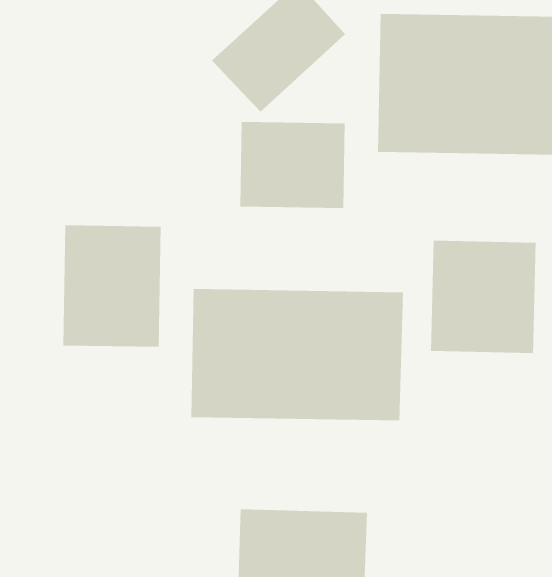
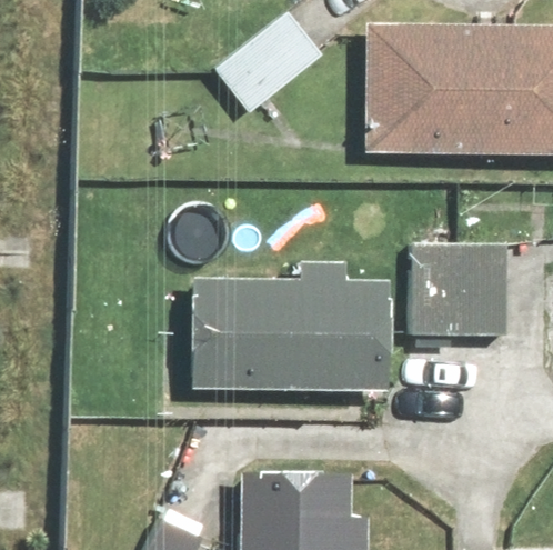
building: [240,121,345,209] -> none
building: [63,225,161,348] -> none

